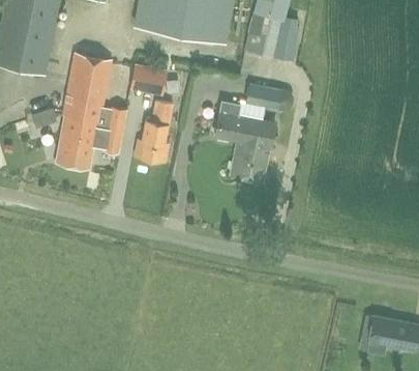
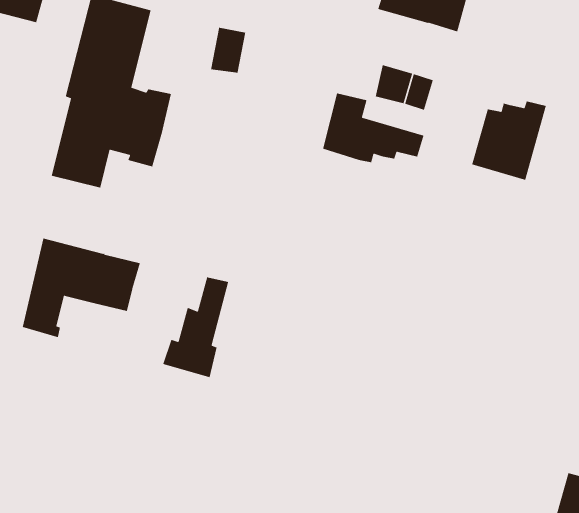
building: [134,103,171,163] -> [162,277,229,378]
building: [232,137,274,184] -> [471,101,547,181]
building: none -> [22,238,141,338]

